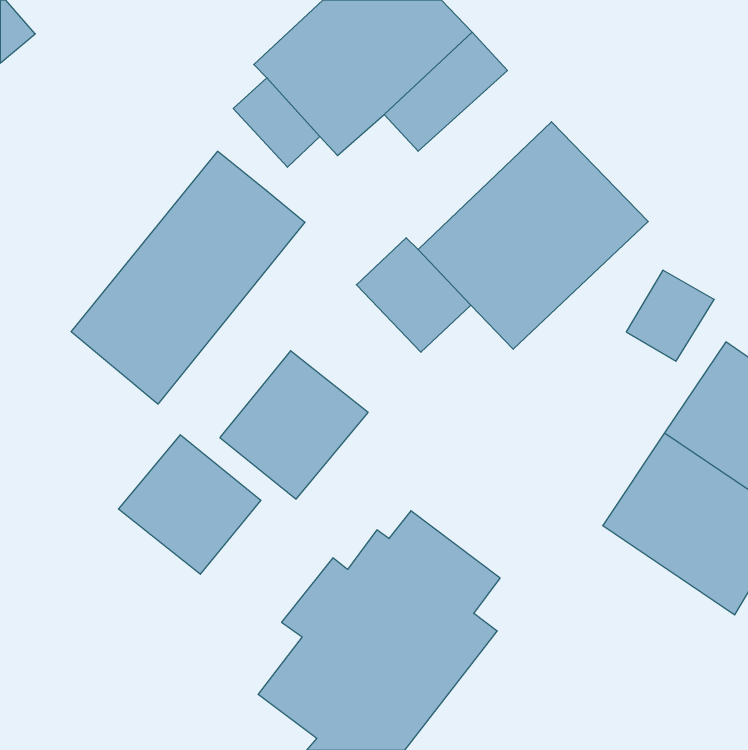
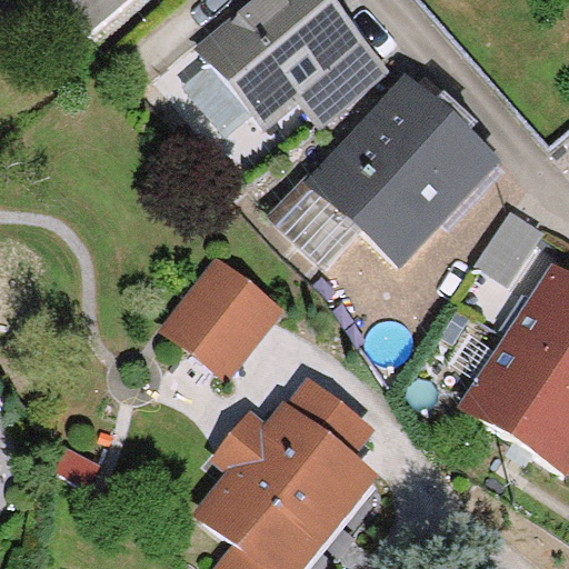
building: [71,151,305,404] -> none
building: [118,435,261,574] -> none

